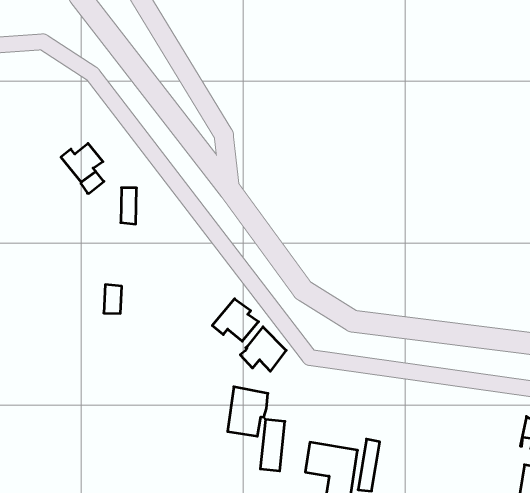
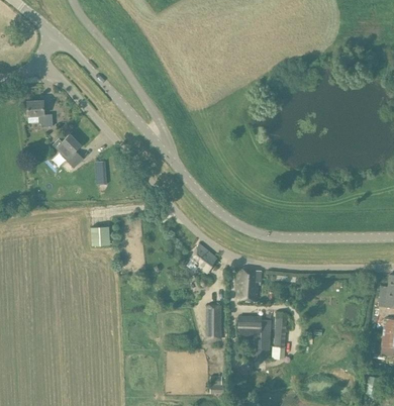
building: none -> [27,100,53,126]
building: [212,299,259,341] -> none
building: [228,387,268,436] -> [236,268,261,299]

